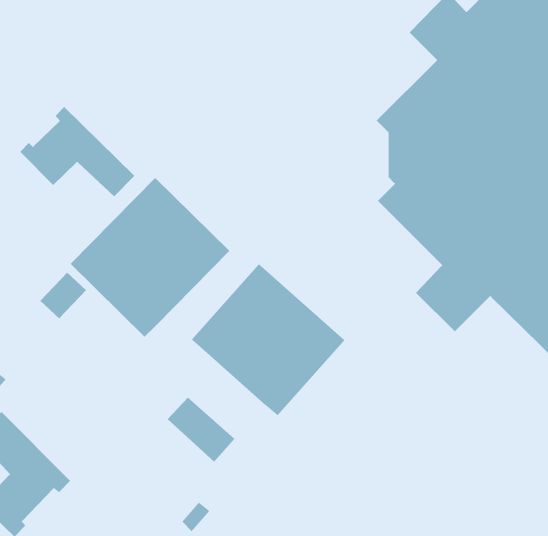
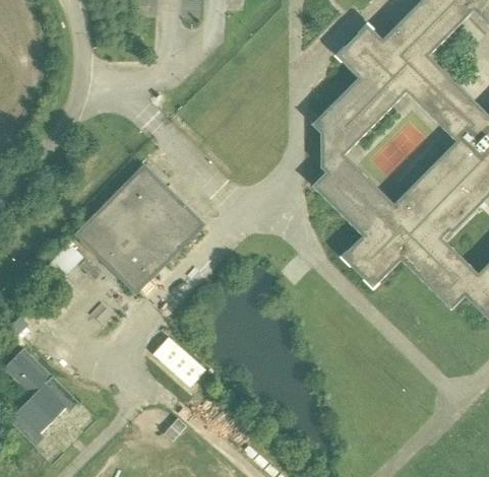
building: [19,106,135,197] -> none
building: [191,264,345,416] -> none

